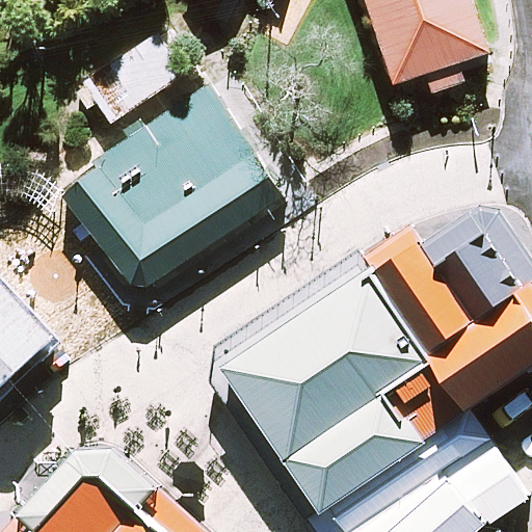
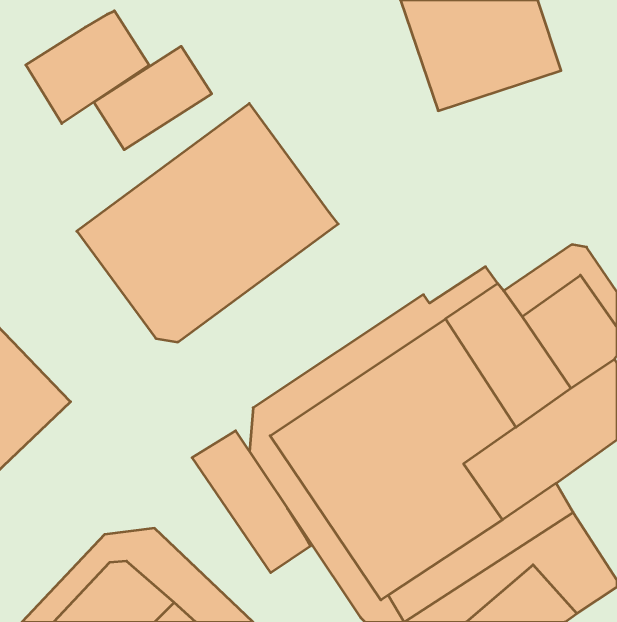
building: none -> [26,11,149,124]
building: none -> [192,431,311,573]

